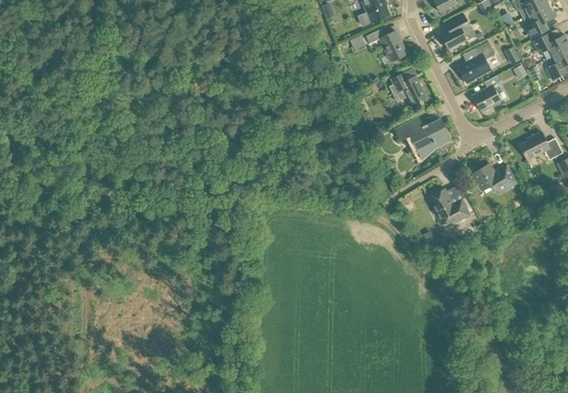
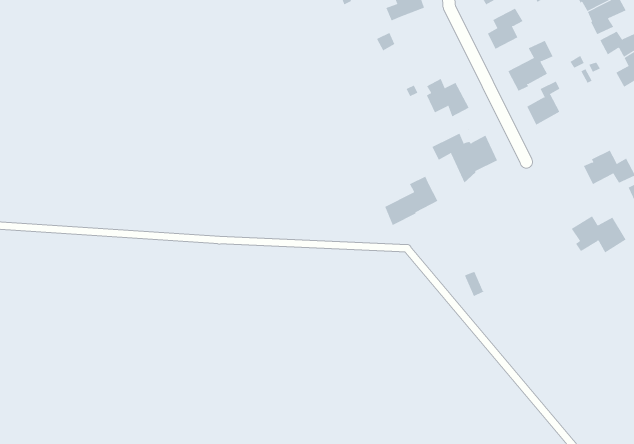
building: [367,28,408,61] -> none
building: none -> [384,176,438,226]
building: [473,162,518,193] -> [571,215,626,253]
building: [429,189,470,224] -> none

